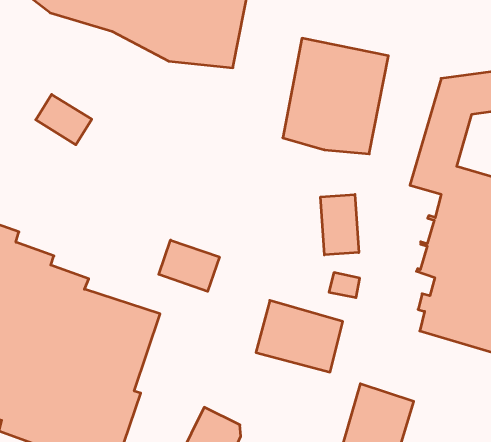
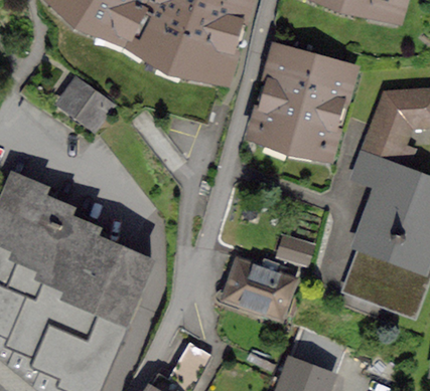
building: [321,194,359,255] -> none
building: [159,240,219,291] -> none

